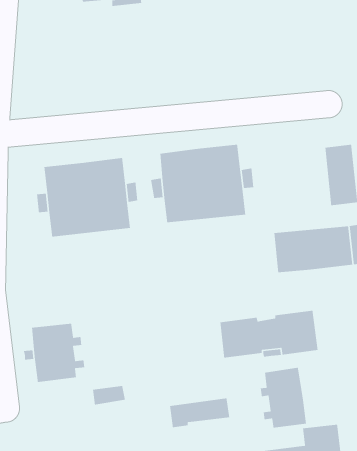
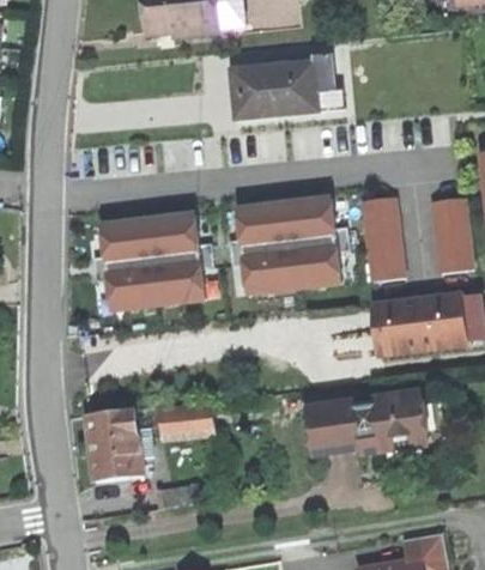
building: none -> [229,53,335,116]
building: none -> [360,198,404,280]
building: [260,367,307,429] -> none
building: [169,398,230,428] -> [159,400,231,436]

